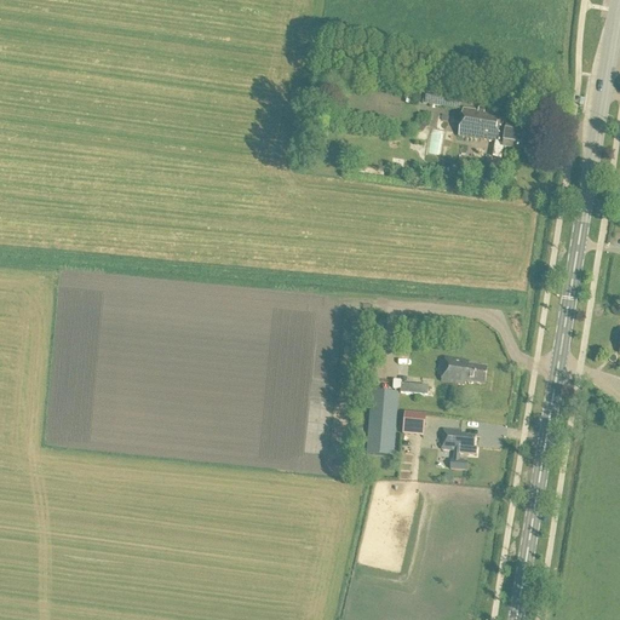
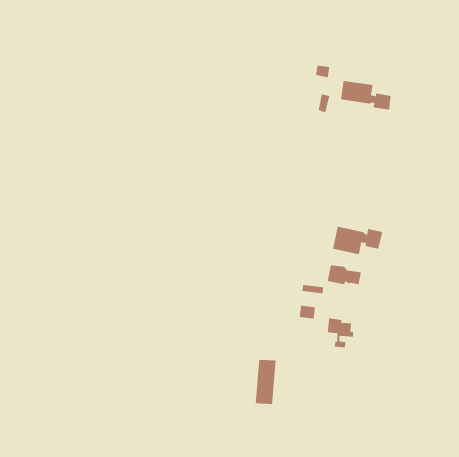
building: none -> [332,226,383,255]
building: [367,391,396,453] -> [255,359,277,405]

